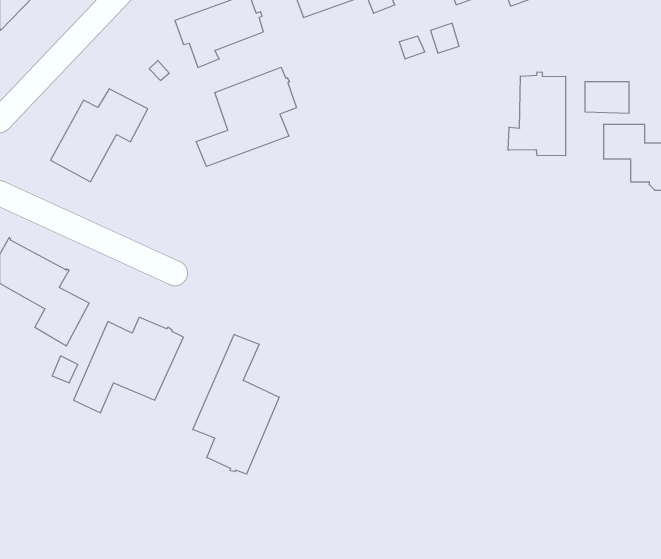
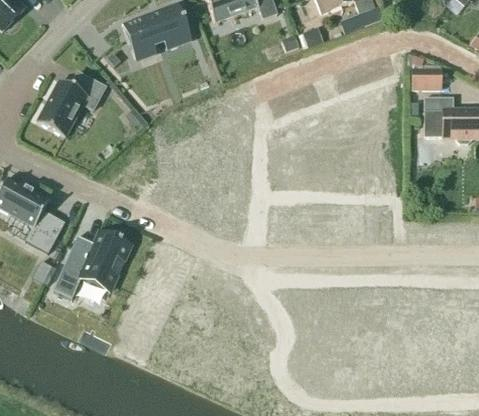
building: [196,67,297,166] -> none
building: [508,72,566,156] -> none
building: [193,334,279,474] -> none

